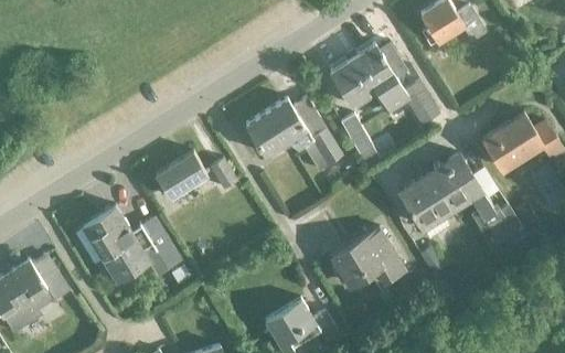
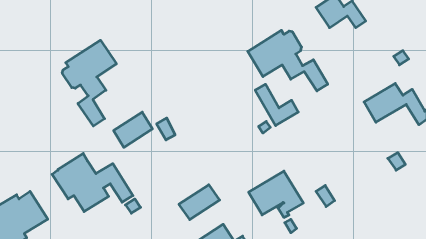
building: none -> [62,40,116,126]
building: [244,97,340,169] -> none
building: [397,153,522,243] -> none
building: none -> [179,185,220,220]

